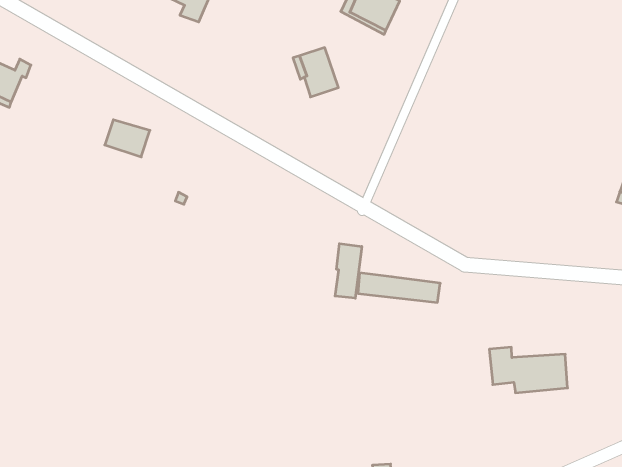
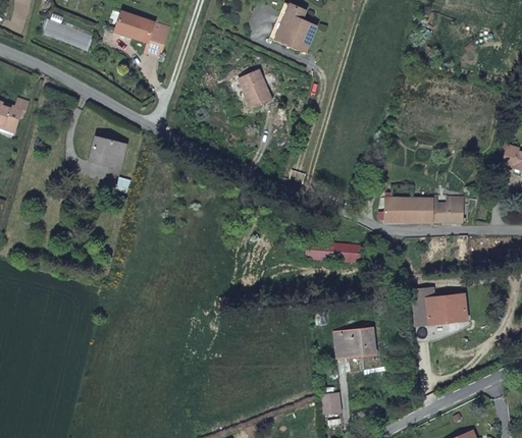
building: none -> [379,182,462,224]
building: [335,244,362,298] -> none
building: none -> [338,328,375,354]

